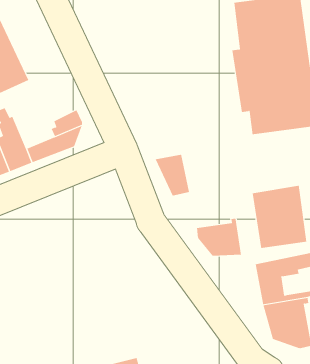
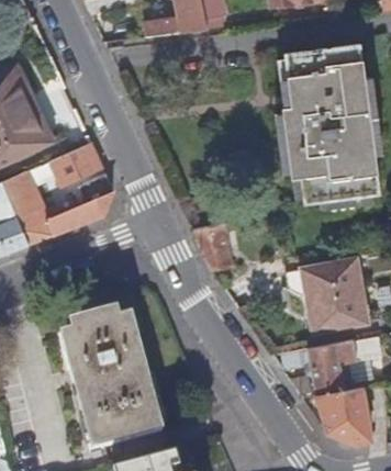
building: none -> [32,142,102,186]
building: [197,218,242,257] -> none
building: none -> [59,307,168,456]

